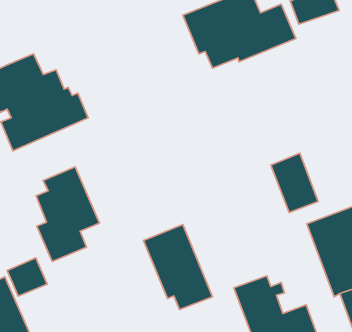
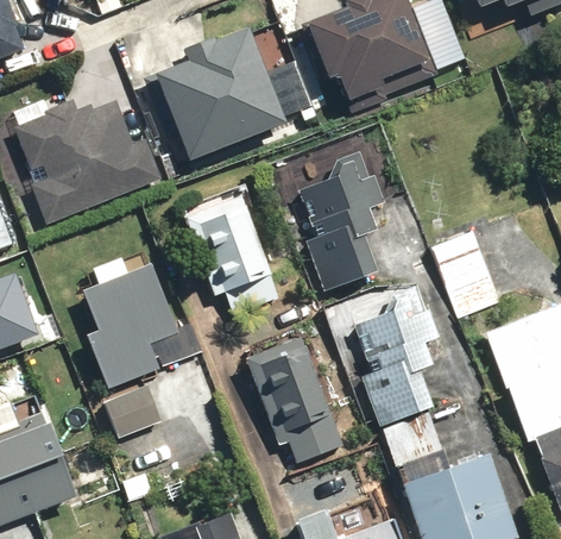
building: none -> [155,19,311,161]
building: none -> [300,152,385,292]
building: none -> [183,184,283,307]
building: none -> [358,283,439,426]
building: [7,258,47,296] -> [105,383,164,440]

